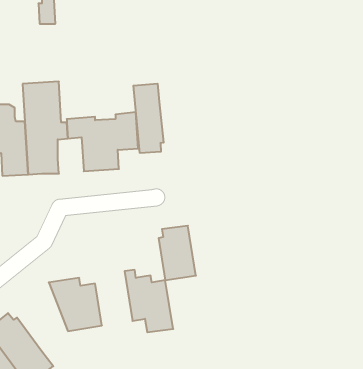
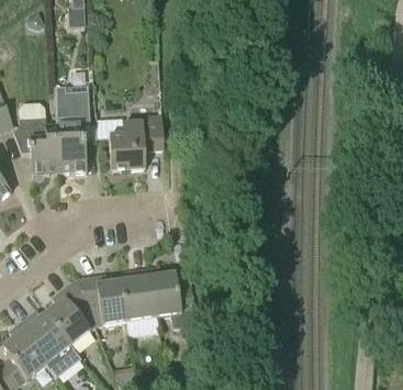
building: [133,84,164,153] -> none
building: [159,226,196,280] -> [122,268,158,321]
building: none -> [46,279,96,346]

